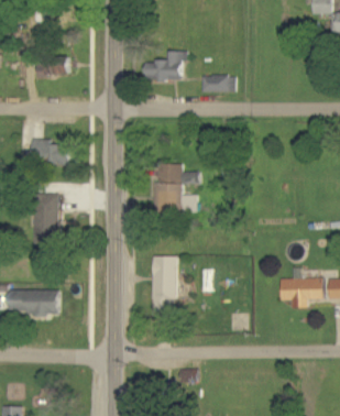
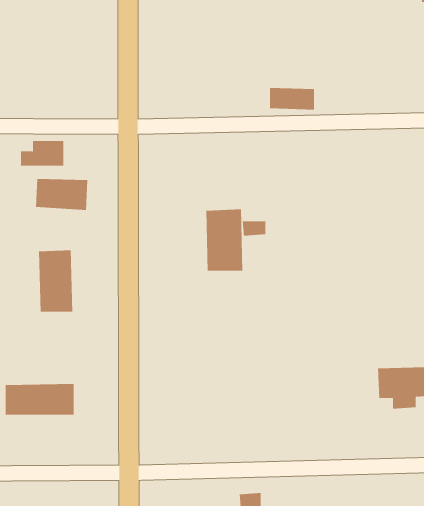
building: [144,51,186,79] -> none
building: [36,55,68,74] -> [20,140,64,166]
building: [151,255,176,314] -> none

